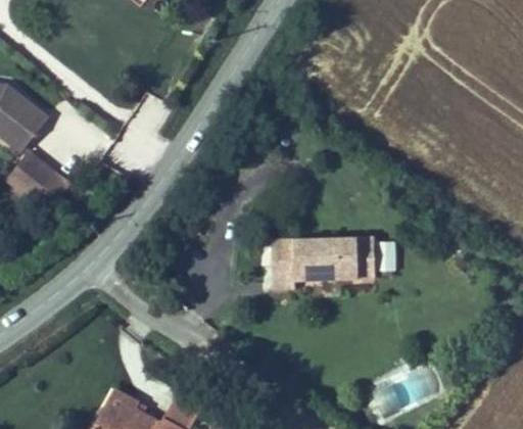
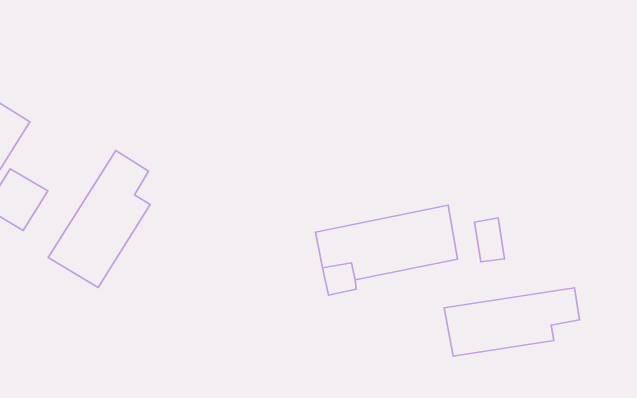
building: none -> [48,151,150,287]
building: none -> [444,288,579,356]

